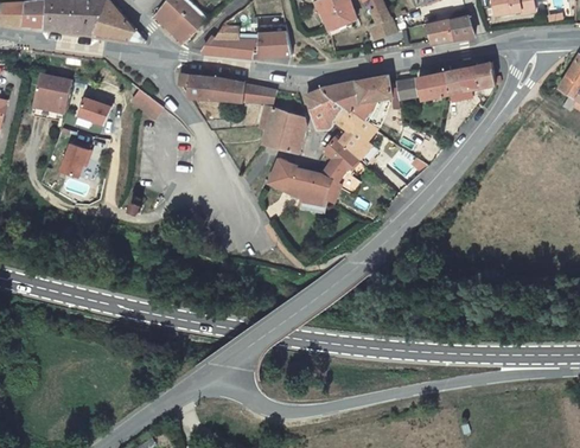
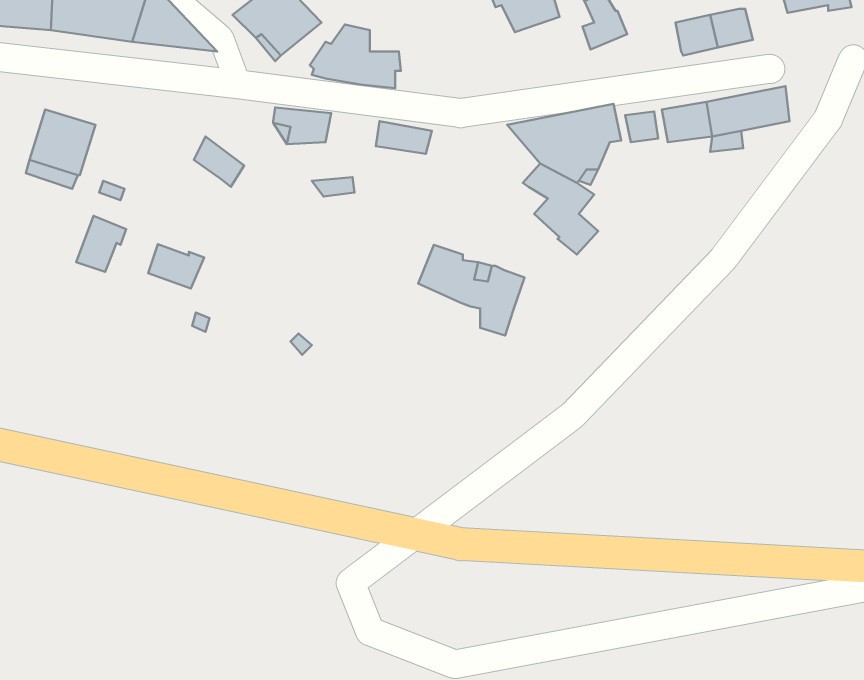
building: [254,39,292,63] -> none
building: [211,78,244,98] -> none
building: [306,85,343,130] -> none
building: [76,96,110,123] -> [148,244,204,288]
building: [262,105,304,153] -> none
building: [320,137,365,203] -> none

